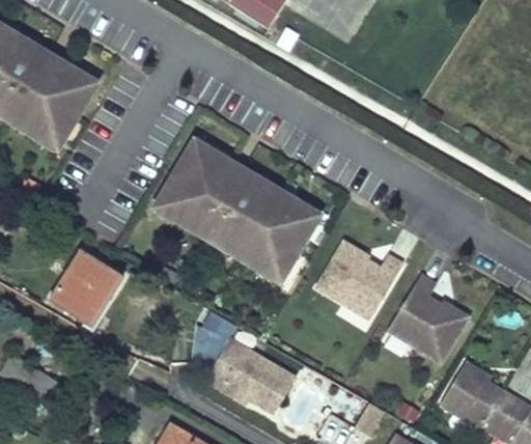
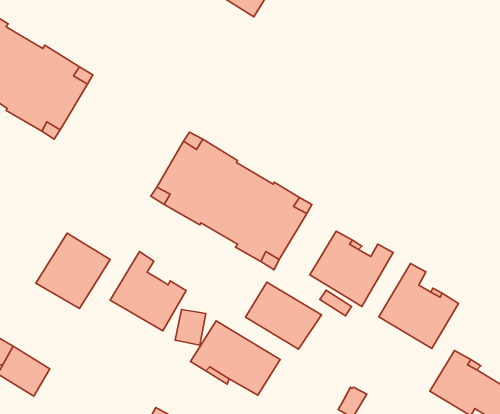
building: none -> [110,252,186,331]
building: none -> [245,282,321,349]

